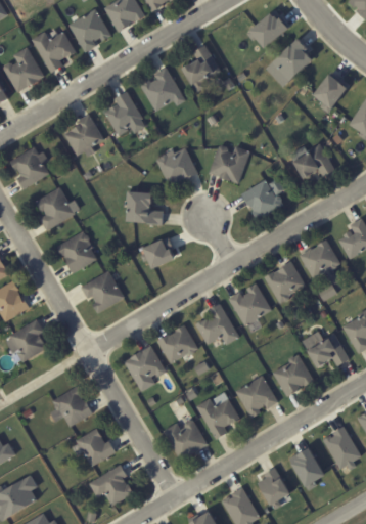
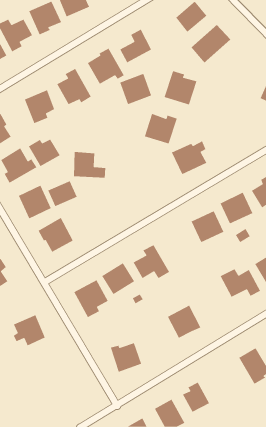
building: [310,74,345,108] -> none
building: none -> [164,70,198,105]
building: [288,143,334,178] -> none
building: [156,145,196,184] -> [119,73,152,105]
building: none -> [28,139,61,167]
building: [140,235,177,268] -> [47,180,78,207]
building: [228,281,272,325] -> none
building: [272,355,314,395] -> none
building: [196,397,240,439] -> none
building: [77,427,117,466] -> none
building: [286,447,322,486] -> none
building: [89,465,133,505] -> none

